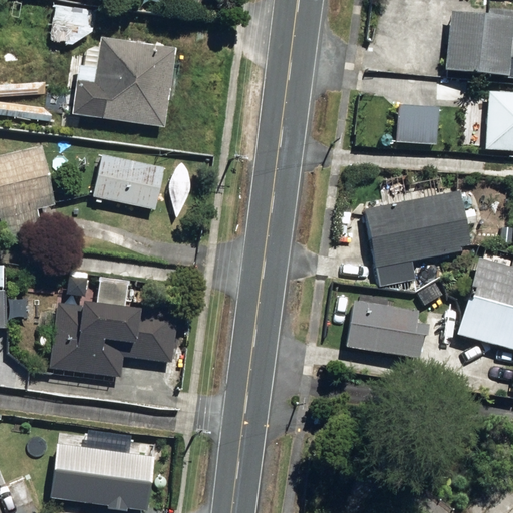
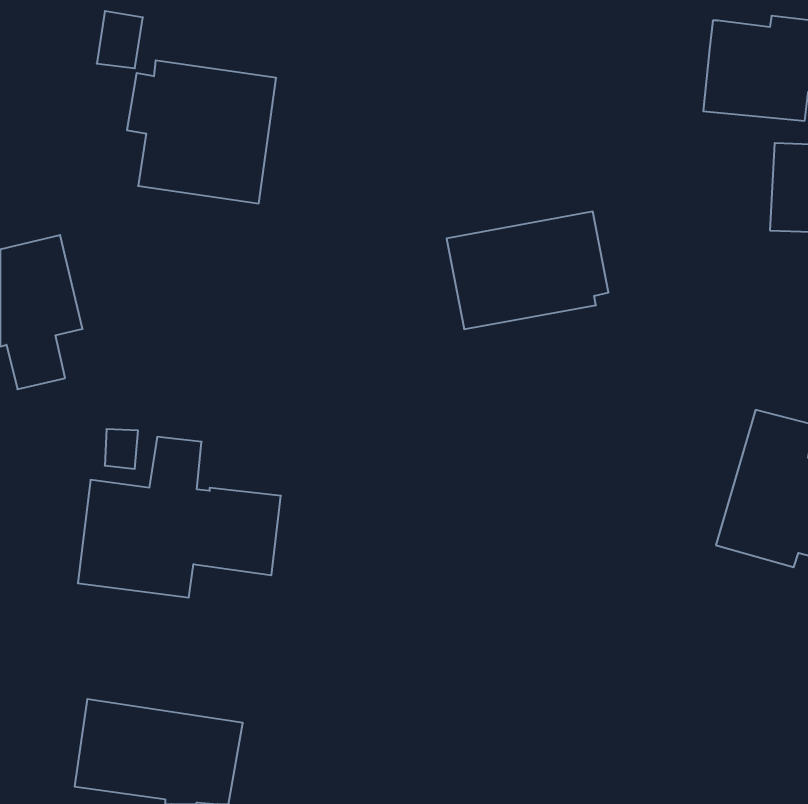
building: [399,102,438,139] -> none
building: [93,154,164,210] -> none
building: [364,189,466,264] -> [447,211,609,329]
building: [345,299,422,356] -> none

